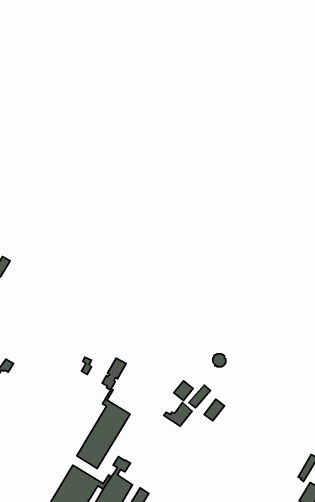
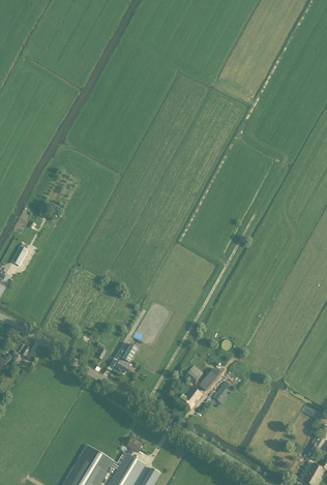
building: [77,390,130,468] -> none

